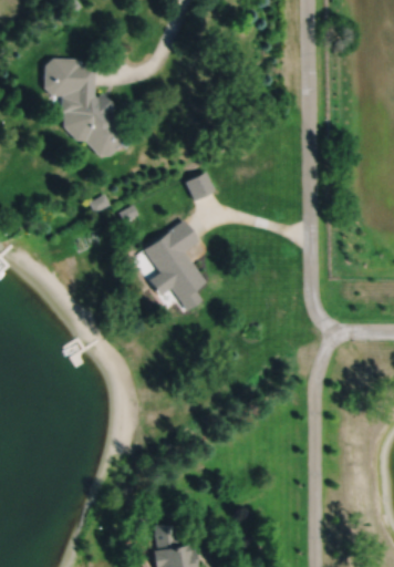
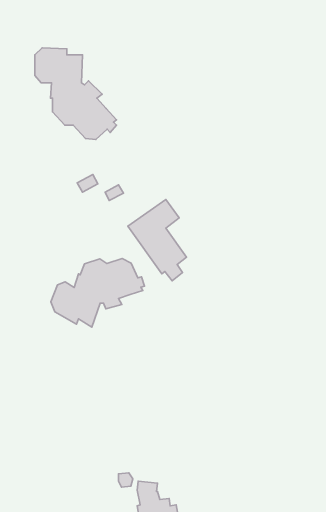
building: [185,172,215,200] -> none
building: none -> [51,259,144,327]

